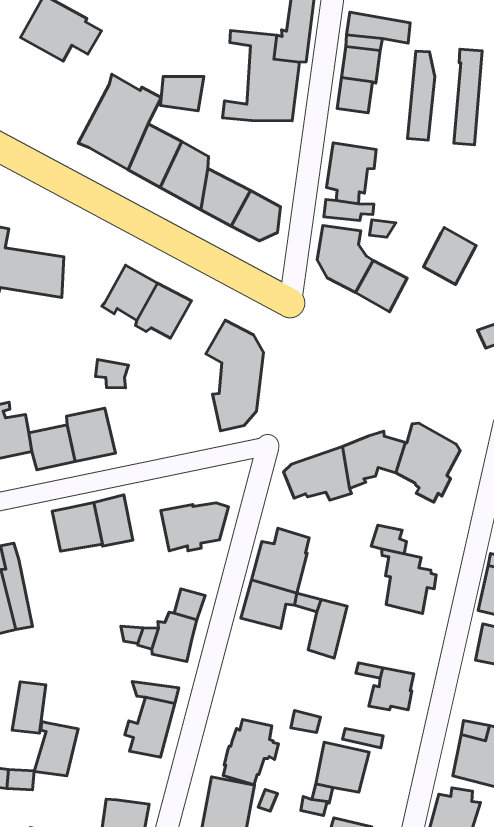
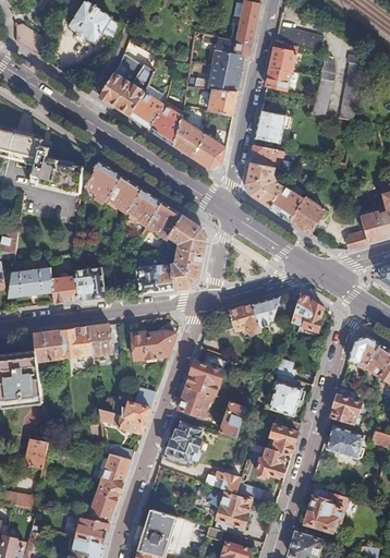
building: [160,76,204,111] -> [206,90,235,114]
building: [423,228,476,285] -> [288,196,322,233]
building: none -> [87,161,121,199]
building: none -> [144,203,182,240]
building: none -> [135,256,173,292]
building: none -> [33,330,64,360]
building: none -> [269,415,298,454]
building: [223,720,278,785] -> [166,424,203,466]
building: [34,722,78,776] -> [87,487,118,523]

